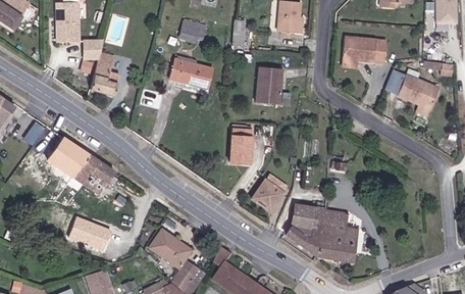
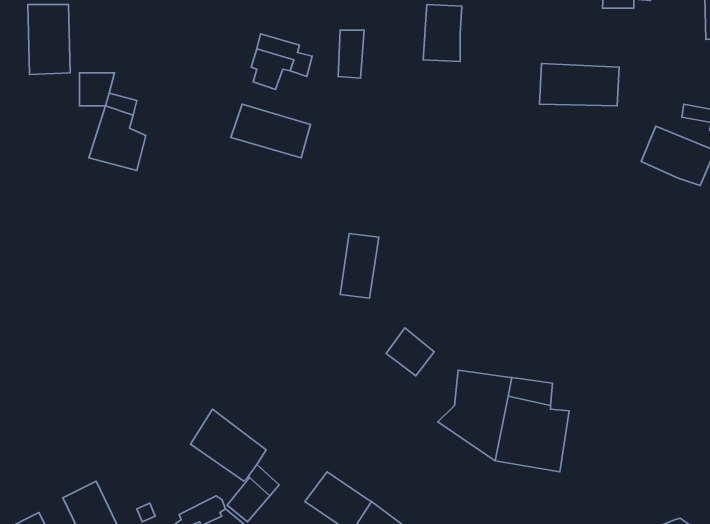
building: [258,71,285,108] -> none
building: [49,138,111,192] -> none
building: [66,216,109,251] -> none

